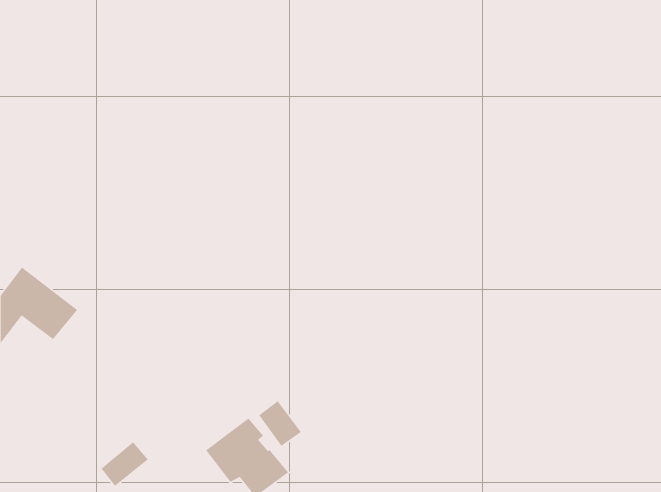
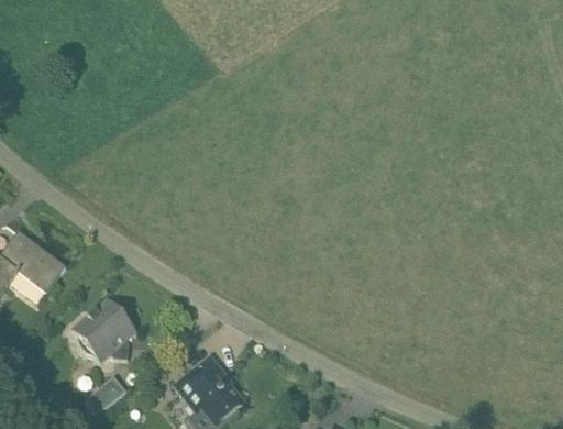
building: none -> [73,298,137,363]
building: [258,400,302,447] -> none

